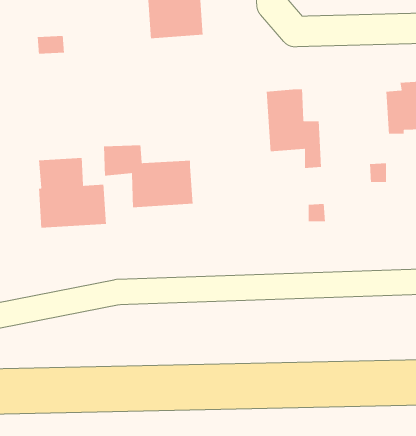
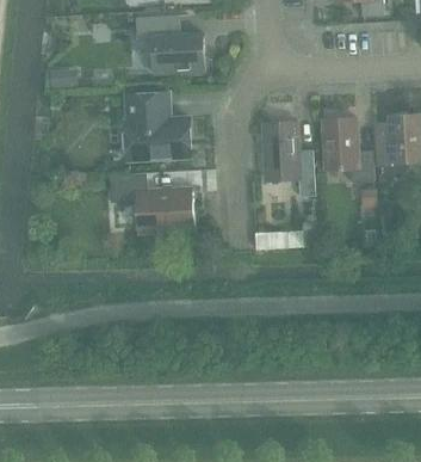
building: none -> [322,117,373,181]
building: [38,157,107,228] -> [125,92,190,159]

